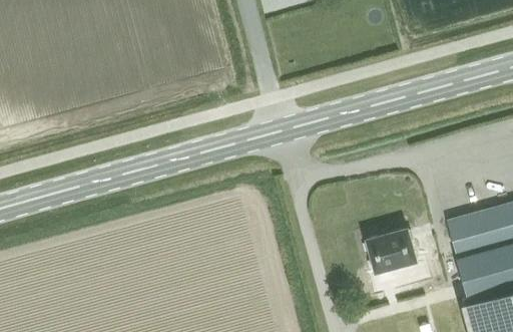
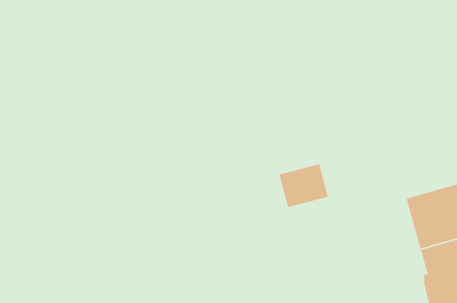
building: [367,228,417,273] -> [279,163,329,208]

